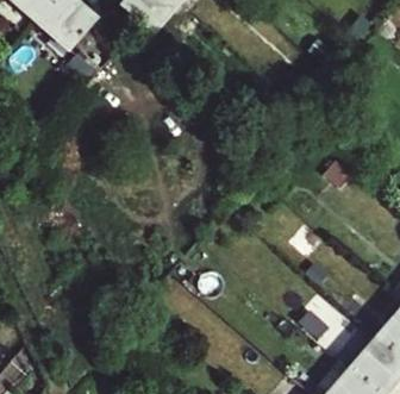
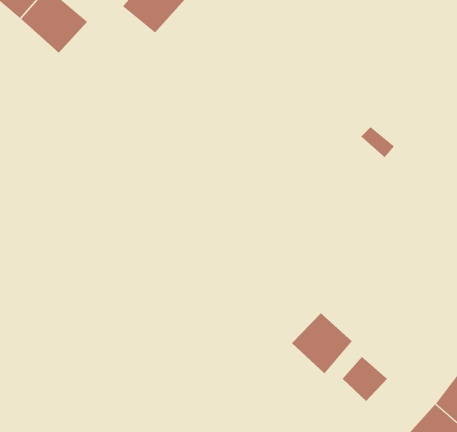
building: none -> [291,313,353,374]

